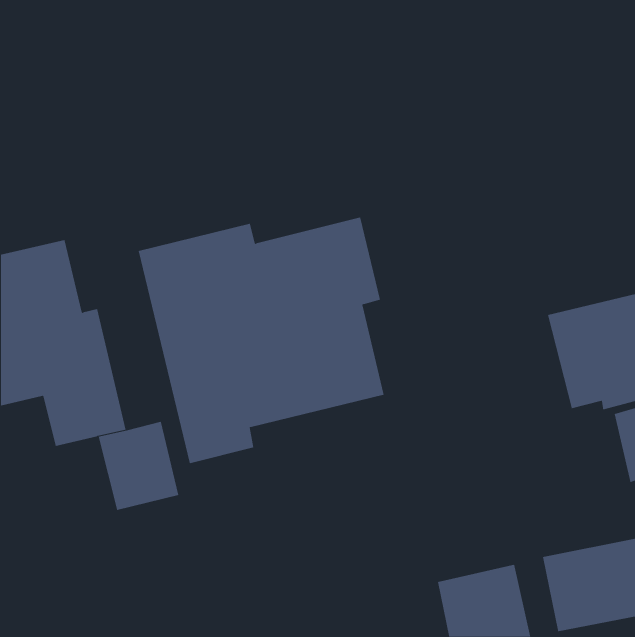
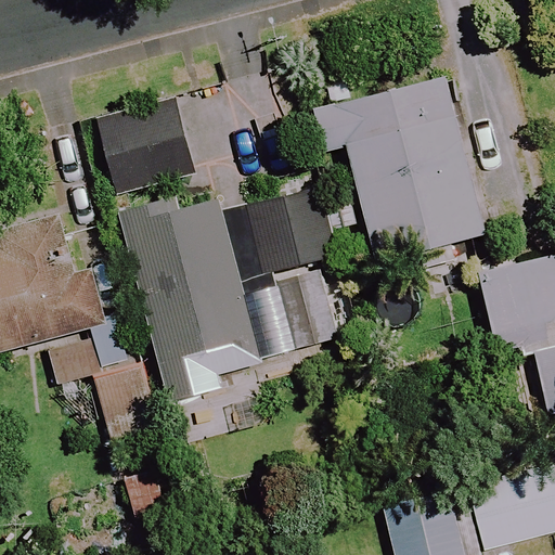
building: none -> [336,77,487,263]
building: none -> [88,95,199,205]

